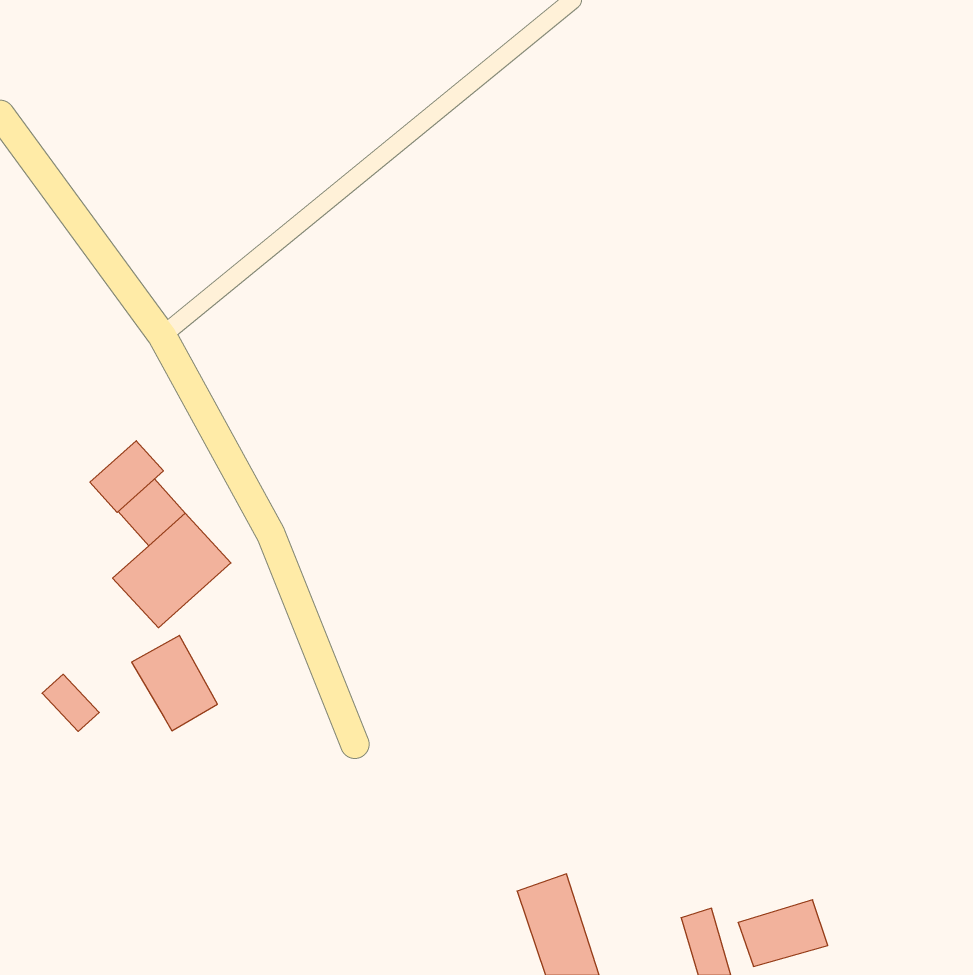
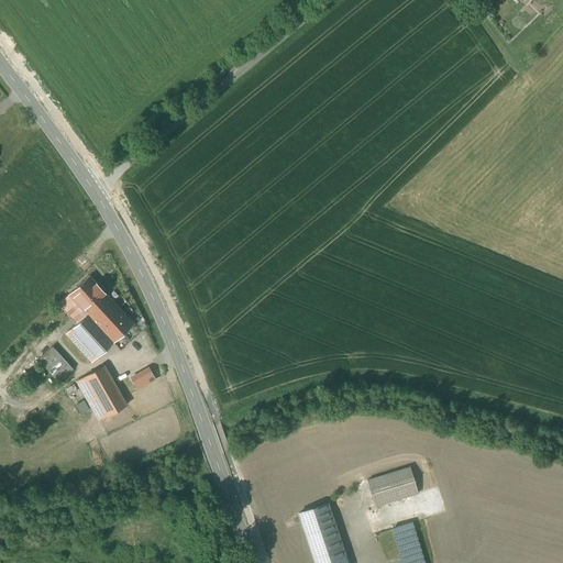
building: [90,441,163,512] -> none
building: [42,674,99,731] -> [40,347,73,380]
building: [738,900,828,966] -> [367,467,419,506]

